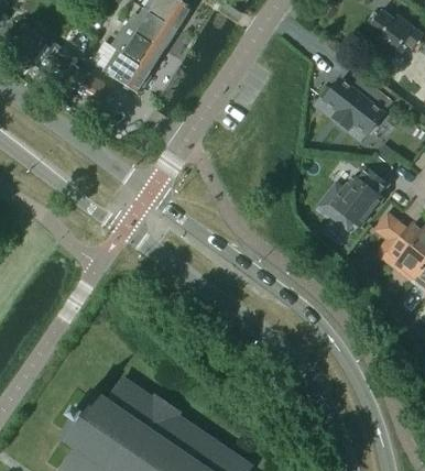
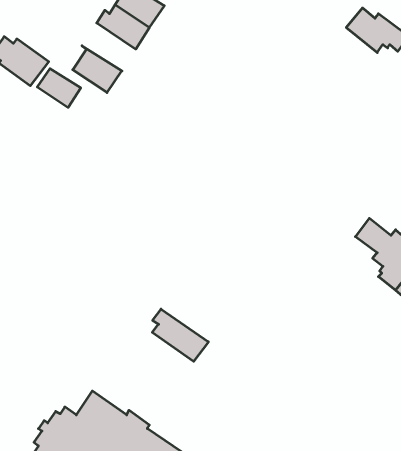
building: [111,24,163,70] -> none
building: [325,75,386,133] -> none
building: [331,166,389,229] -> none
building: none -> [152,309,208,361]

